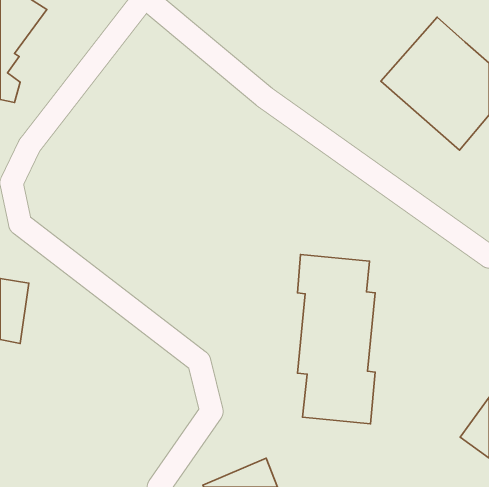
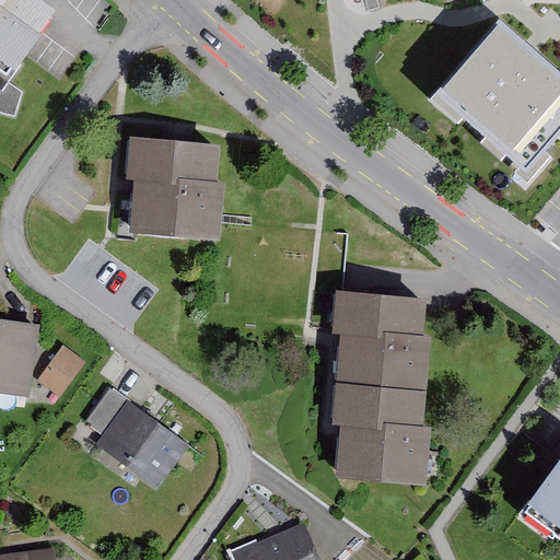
building: none -> [124,138,223,237]
building: none -> [37,347,81,396]
building: none -> [83,386,188,490]

